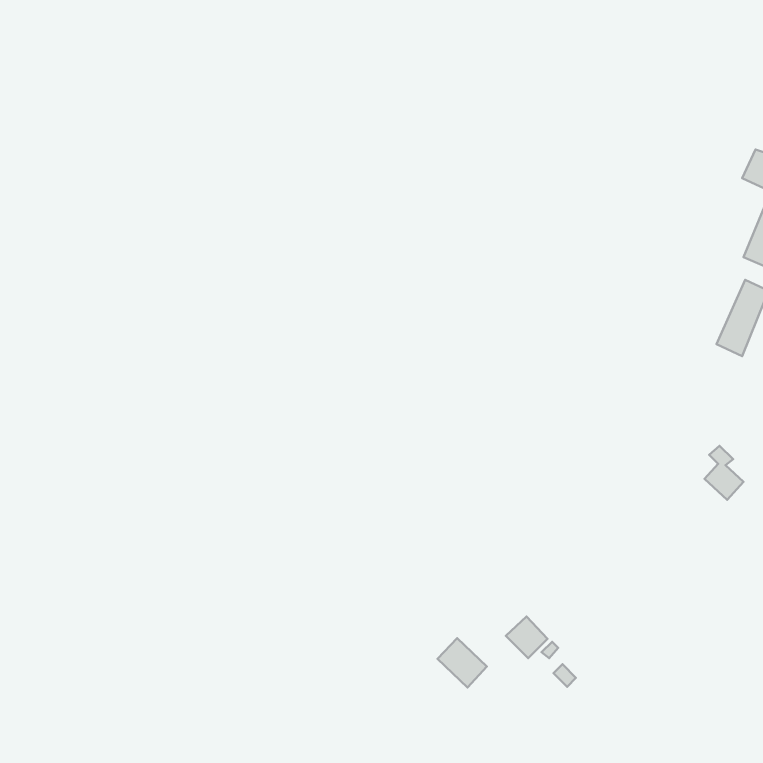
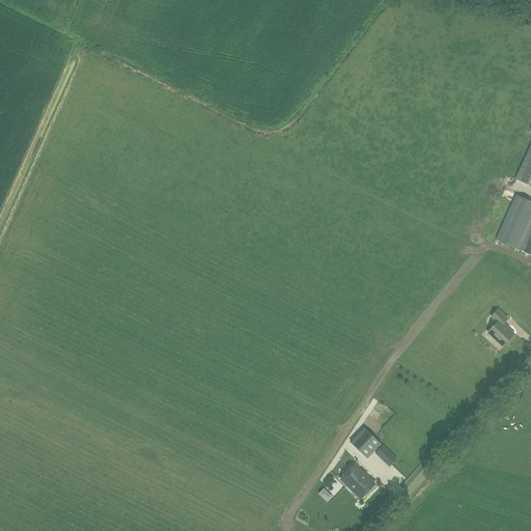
building: [438,638,487,687] -> [342,464,376,498]

